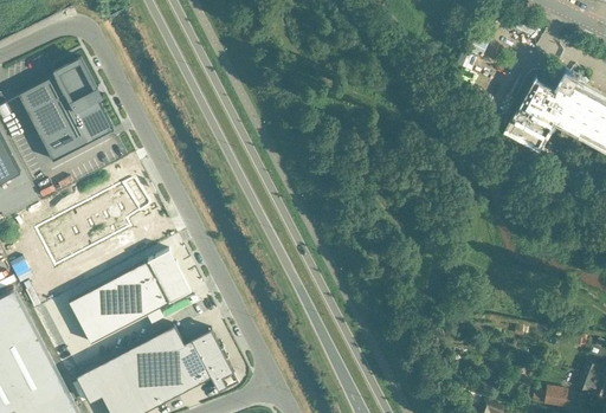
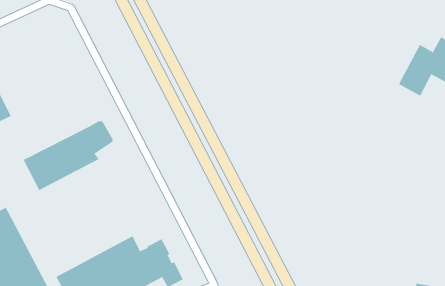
building: [19,57,114,160] -> none
building: [69,247,188,342] -> none

